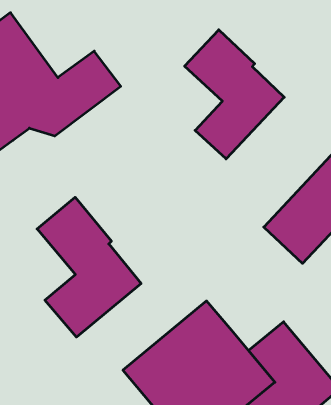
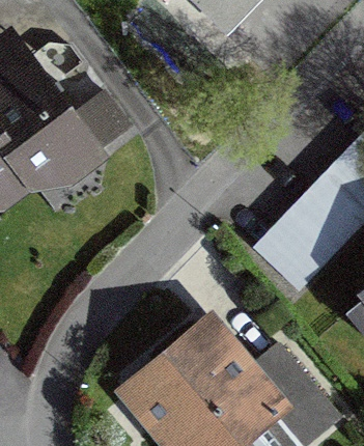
building: [185,30,284,159] -> none
building: [37,197,141,337] -> none

